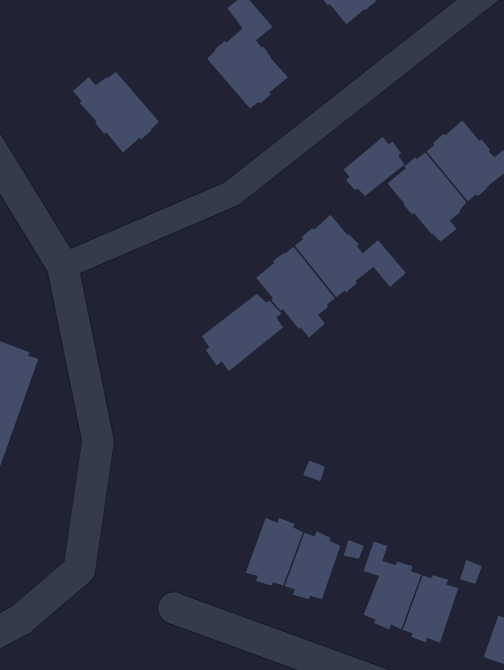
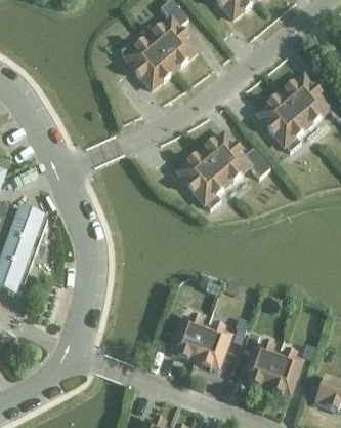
building: [72,71,160,154] -> [120,38,173,88]
building: [343,136,406,197] -> none
building: [201,293,284,372] -> none

